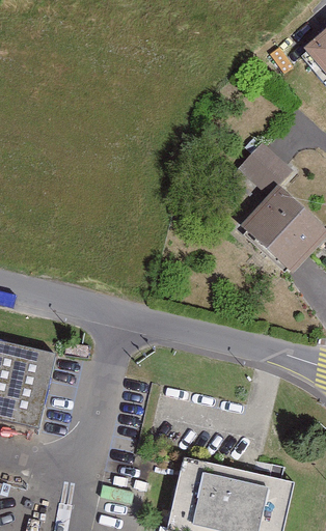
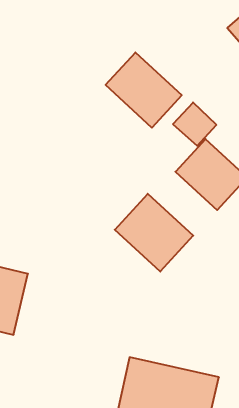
building: none -> [106,52,182,128]
building: none -> [115,194,193,272]

